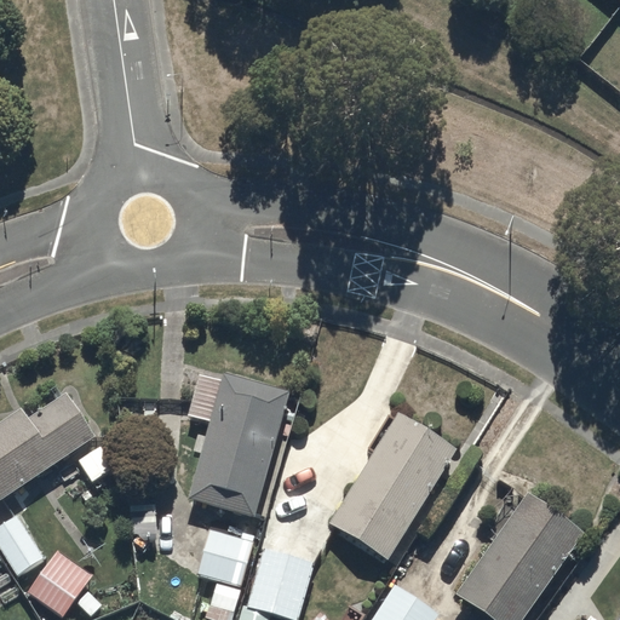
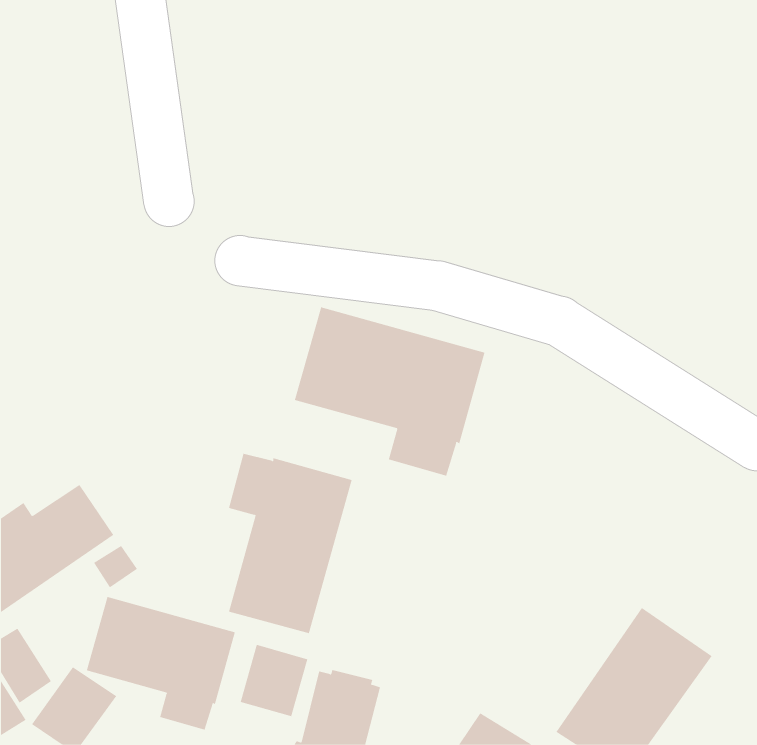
building: none -> [294,307,485,476]
building: [327,409,455,562] -> none
building: none -> [86,596,236,731]

